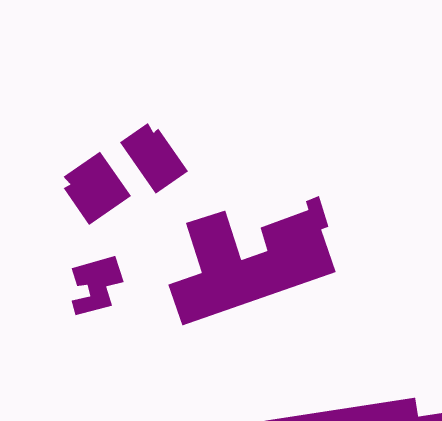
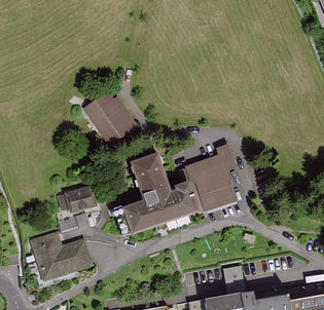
building: [62,150,132,226] -> none
building: none -> [29,234,87,279]

